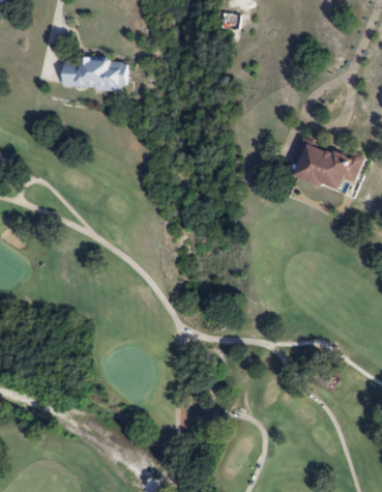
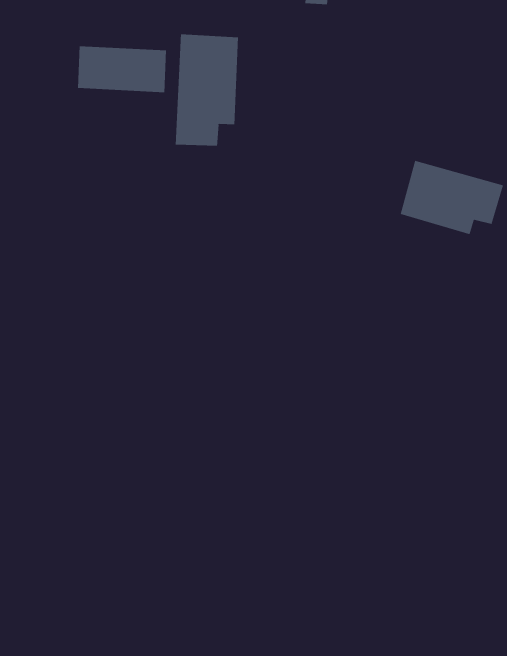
building: none -> [175,33,238,146]

